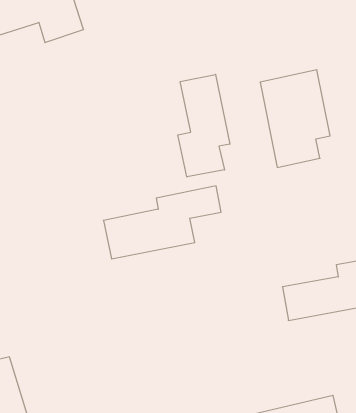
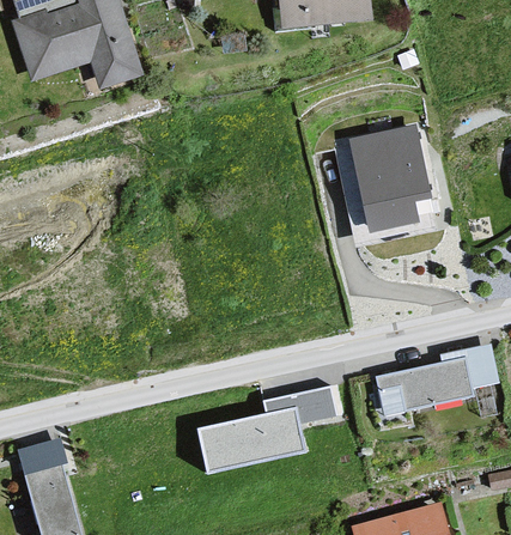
building: [178,74,230,177] -> none
building: [103,186,221,259] -> [201,385,340,472]

